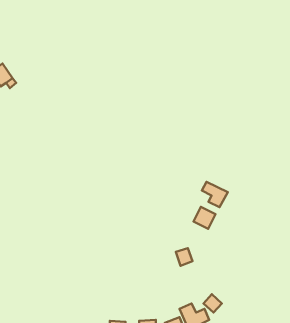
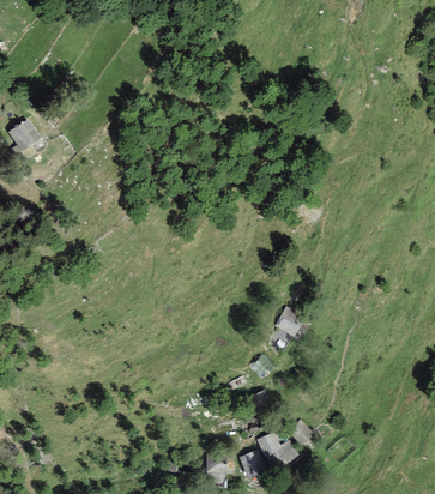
building: [202,182,228,207] -> none

